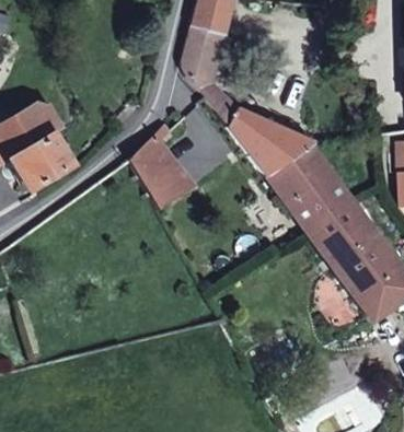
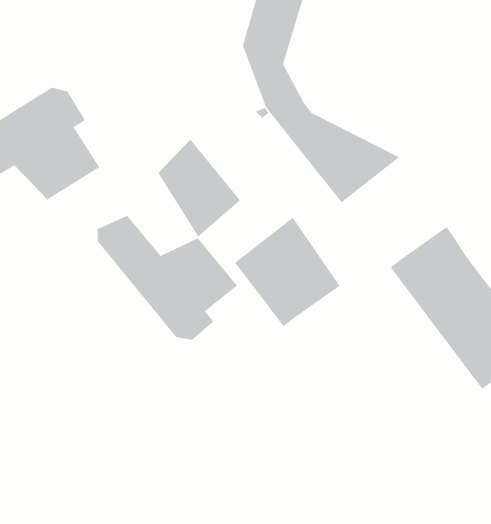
building: [267,144,348,229] -> [234,217,340,327]
building: none -> [97,215,238,341]

